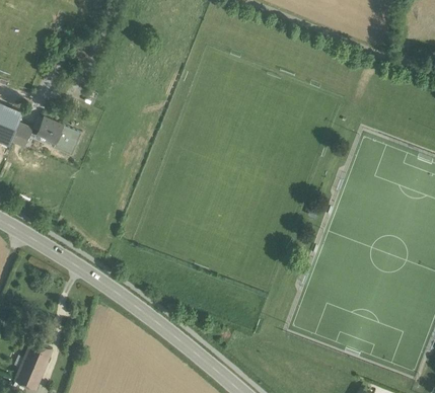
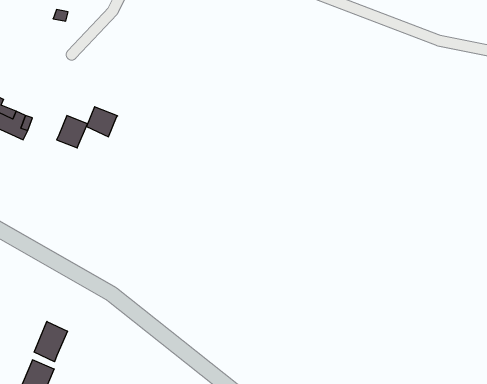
building: [34,117,62,144] -> [87,107,118,137]
building: none -> [34,321,67,362]

